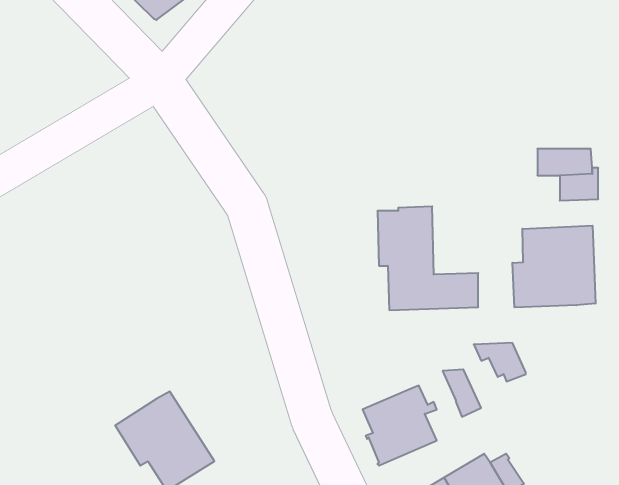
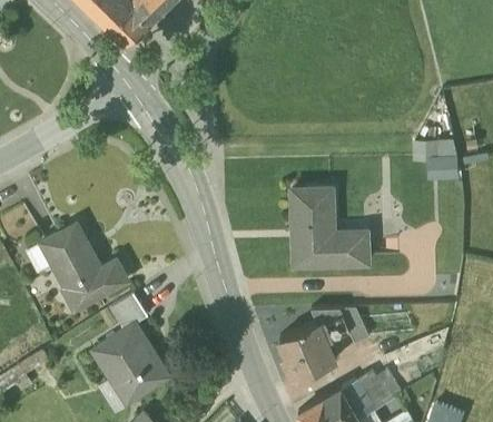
building: [512,226,595,307] -> none
building: none -> [41,224,126,308]
building: [474,343,526,381] -> [310,308,349,337]
building: none -> [110,293,148,330]

